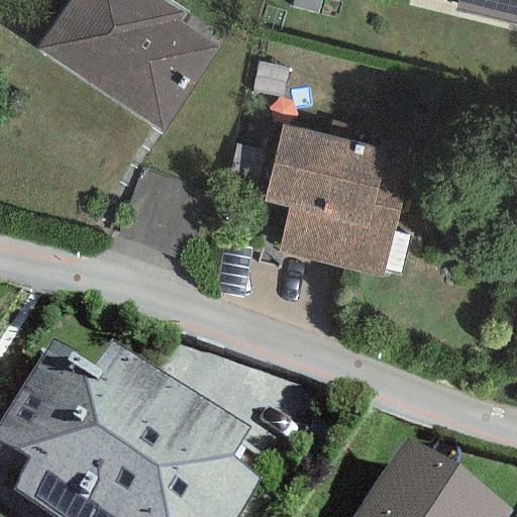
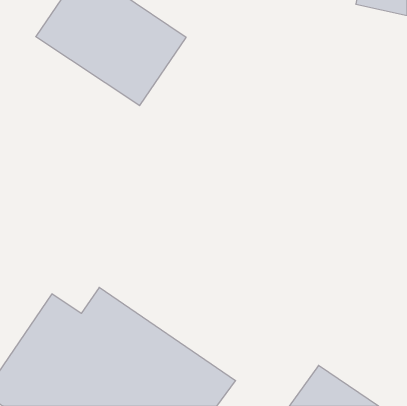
building: [251,121,403,274] -> none

